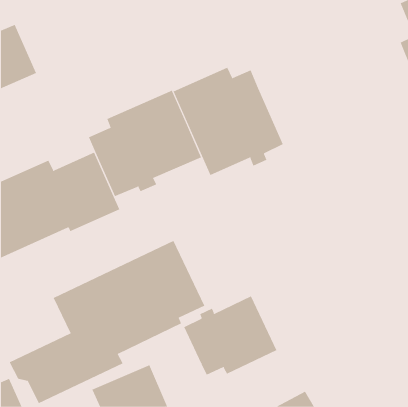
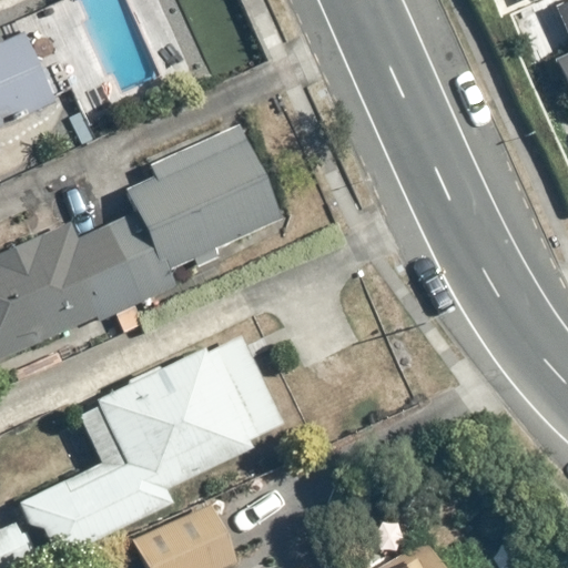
building: [173,67,283,176] -> none
building: [184,295,277,376] -> none

